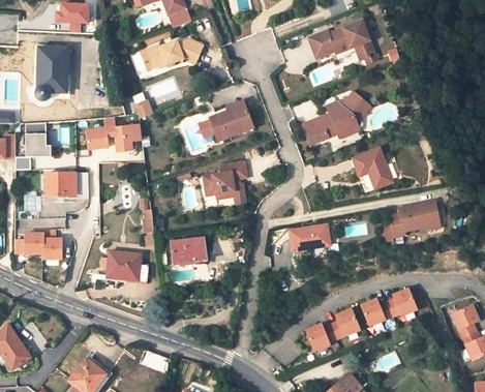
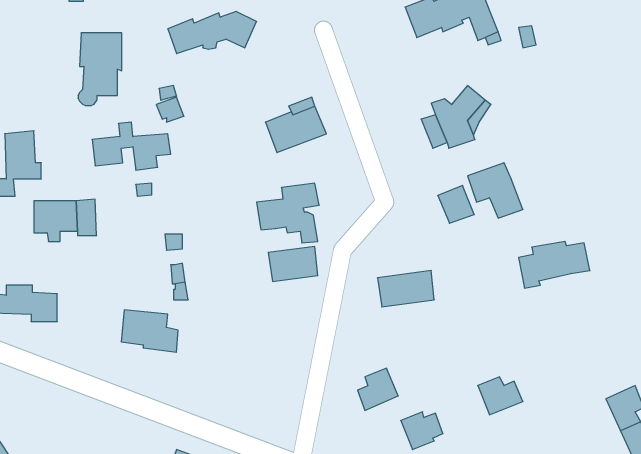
building: [35,48,66,99] -> [78,33,122,106]
building: [302,116,328,143] -> [438,185,474,223]
building: [170,239,205,264] -> [268,247,318,281]
building: [386,289,416,316] -> none
building: [330,309,359,339] -> [358,368,398,410]

